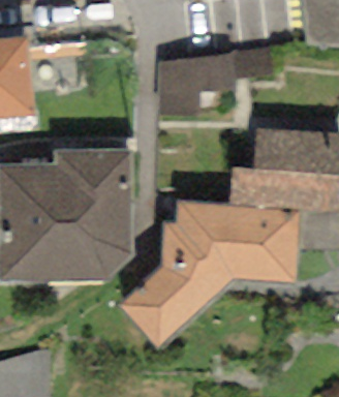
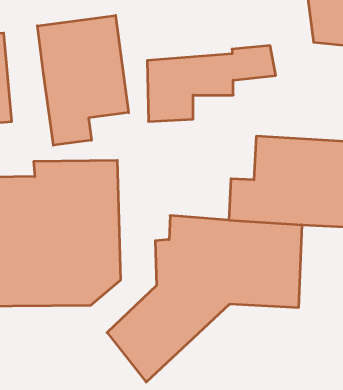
building: none -> [37,15,129,145]

